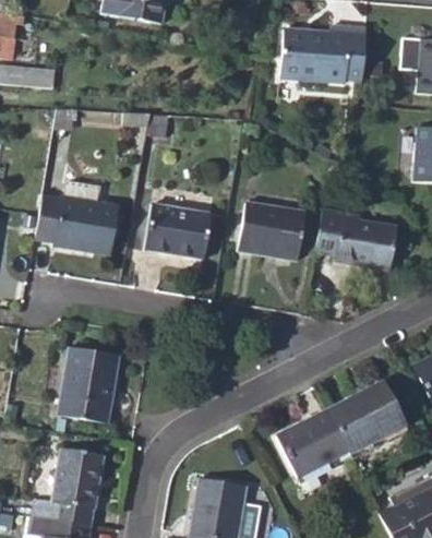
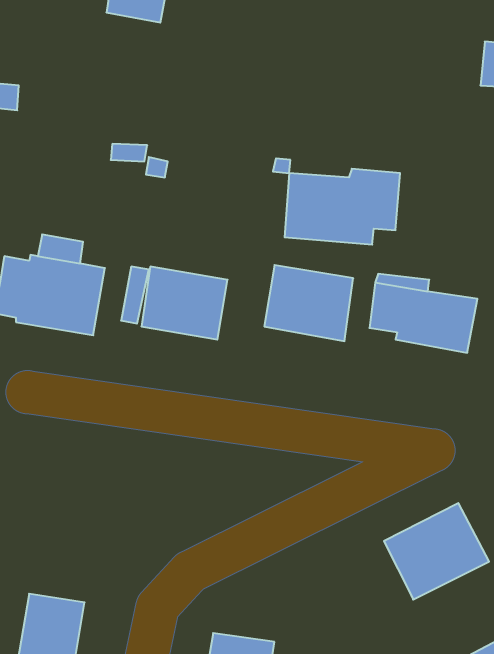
building: [280,25,367,82] -> [285,169,400,245]
building: [59,348,120,422] -> none
building: [277,409,348,476] -> none

